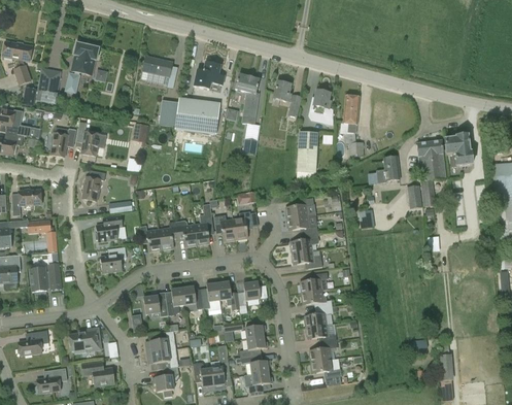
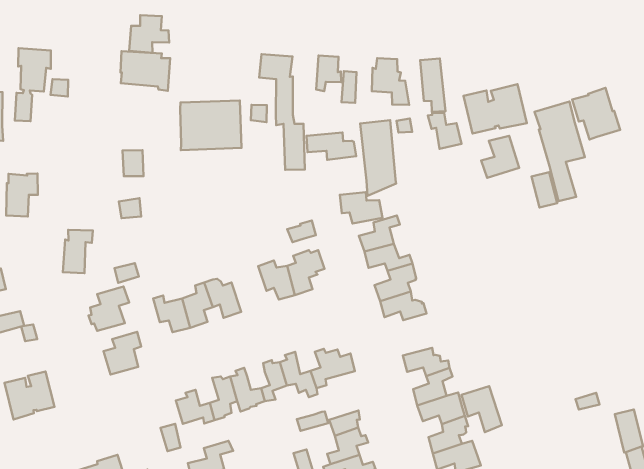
building: [194,62,223,89] -> [129,15,169,53]
building: [159,99,178,125] -> none
building: [75,121,106,156] -> none
building: none -> [463,84,527,134]
building: none -> [307,132,356,160]
building: none -> [340,192,382,224]
building: [194,203,213,244] -> none
building: [299,271,328,292] -> none
building: none -> [461,386,502,432]

